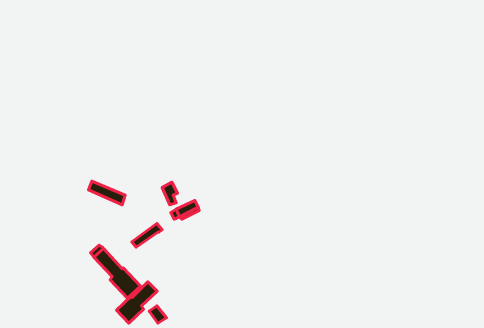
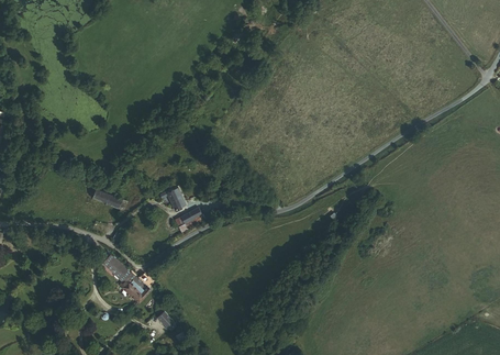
building: [116,282,157,323] -> none

